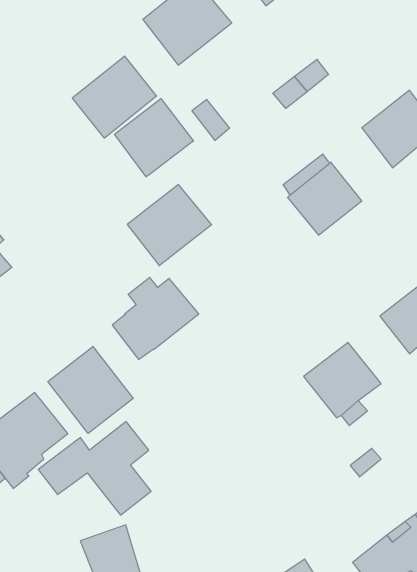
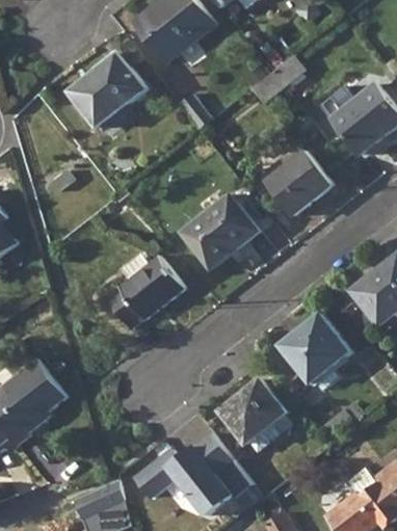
building: [115,99,193,177] -> none
building: [127,185,212,266] -> [181,195,258,269]
building: [48,346,133,433] -> none
building: none -> [220,379,285,443]
building: [38,422,151,515] -> [135,433,238,519]

